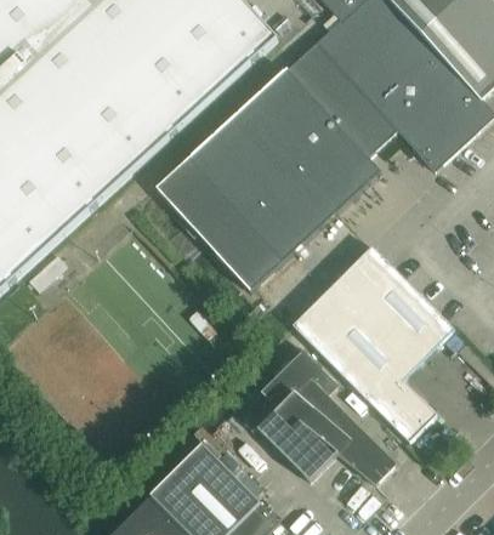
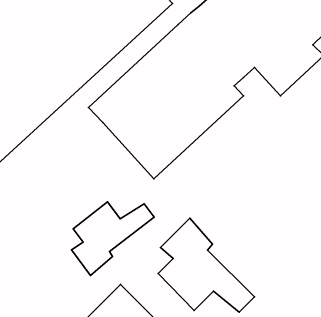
building: [293,245,454,440] -> none
building: none -> [71,202,154,276]

